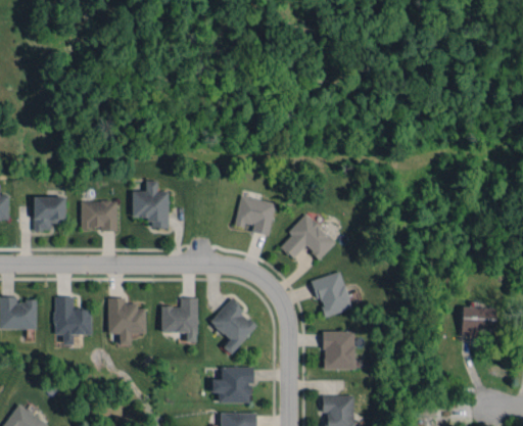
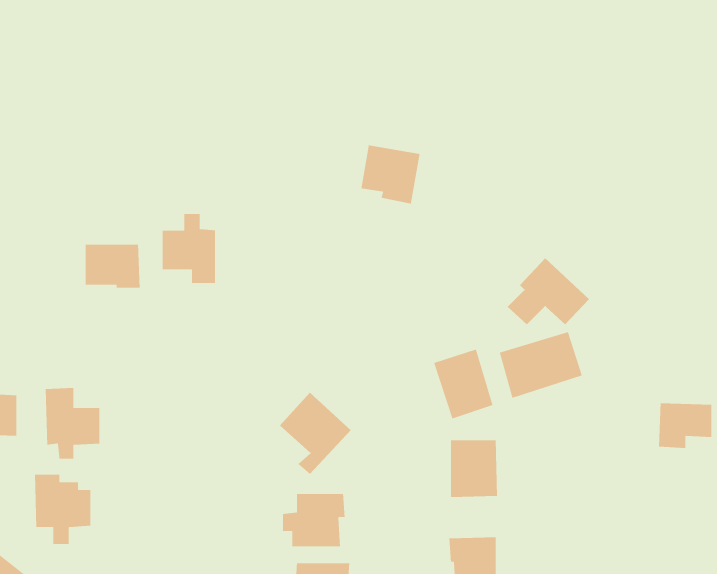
building: [235,196,275,236] -> [360,144,421,204]
building: [33,197,65,231] -> none
building: [280,214,335,258] -> [507,258,590,325]
building: none -> [499,331,583,399]
building: [107,298,145,345] -> [34,474,91,545]
building: [160,298,197,342] -> none

